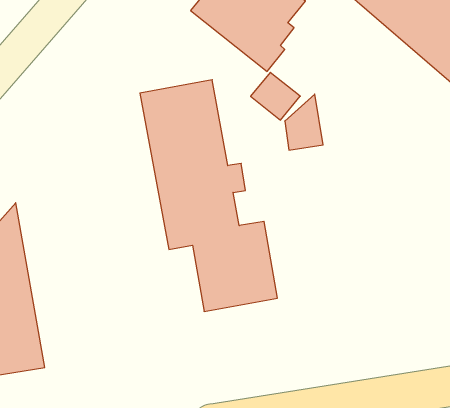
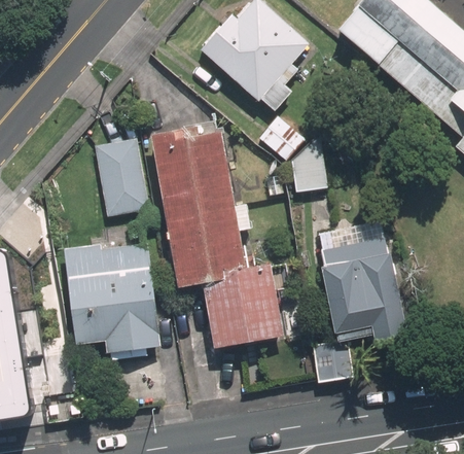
building: none -> [95,137,150,216]
building: none -> [310,238,405,383]
building: none -> [61,239,159,362]

